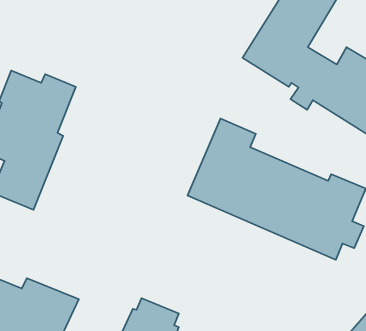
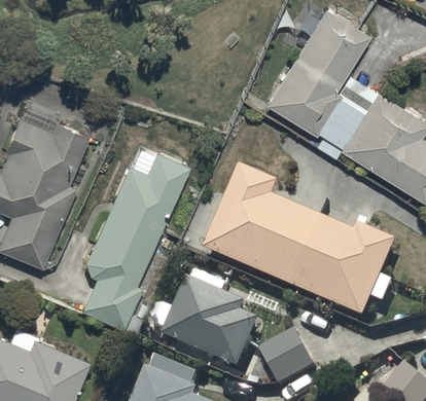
building: none -> [82,153,189,328]
building: none -> [167,280,262,371]
building: none -> [262,334,316,388]

